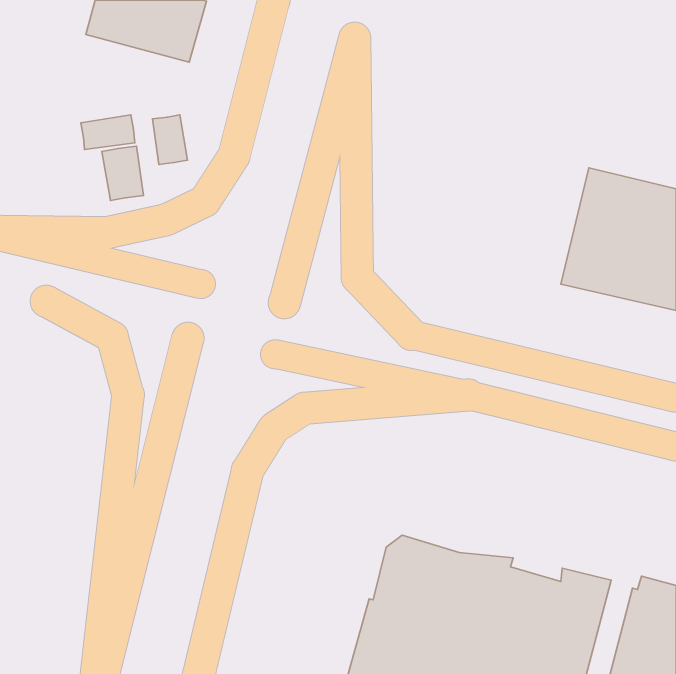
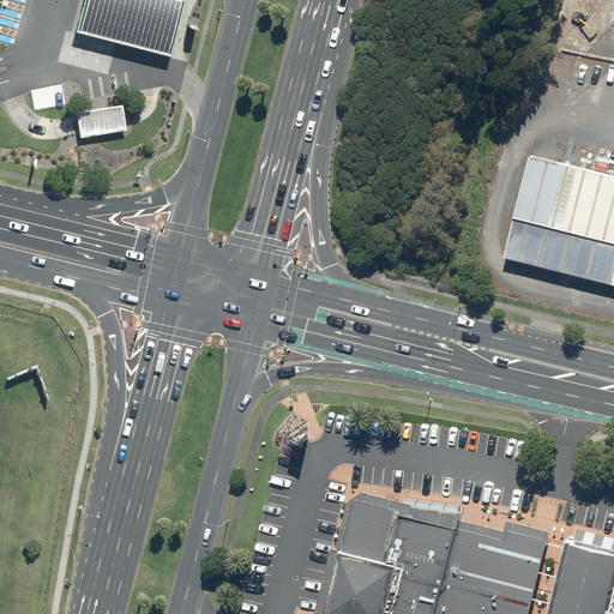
building: [152,115,188,165] -> none
building: [102,146,143,200] -> none

